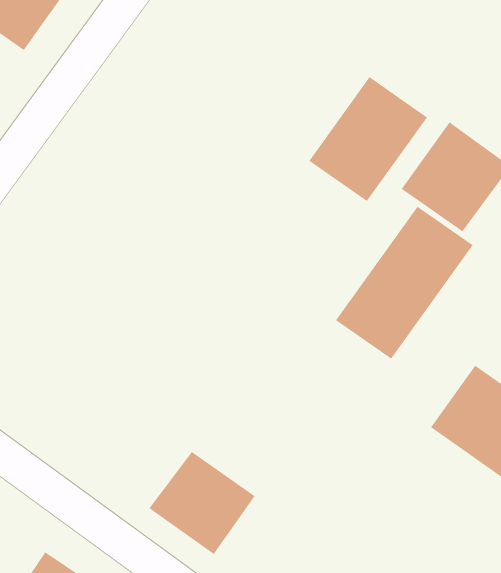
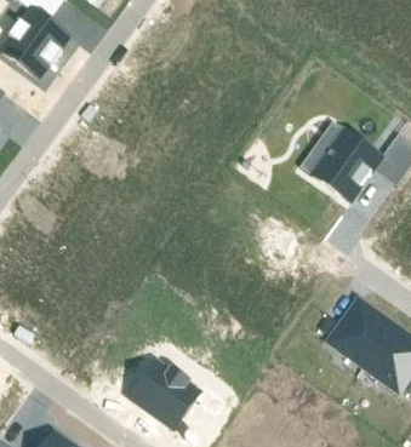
building: [309,76,428,202] -> none
building: [335,206,473,359] -> none

